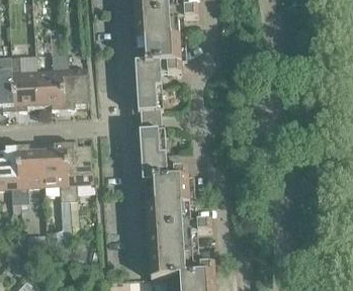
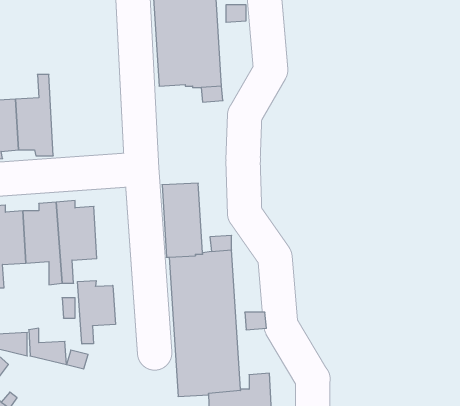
building: [59,53,87,110] -> none
building: [134,61,162,112] -> none
building: none -> [77,281,115,344]

